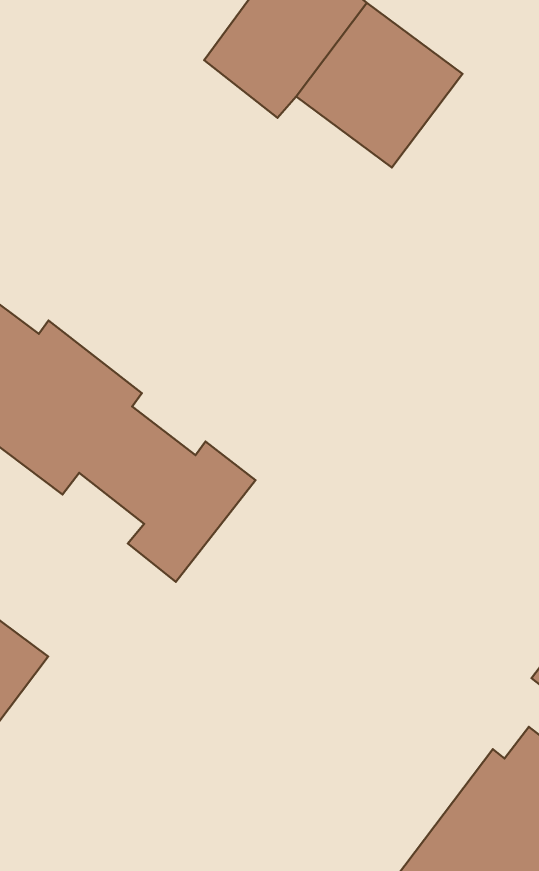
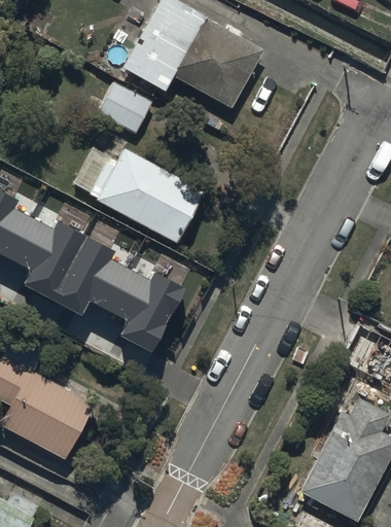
building: none -> [100,82,153,133]
building: none -> [77,148,204,244]

